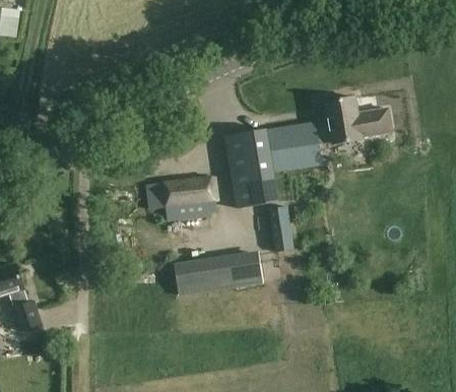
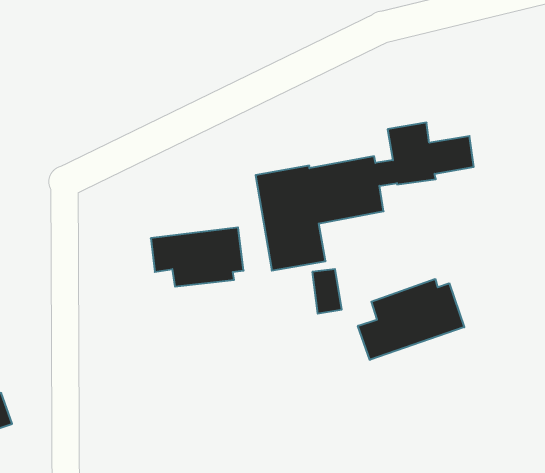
building: none -> [358,279,464,360]
building: [174,253,265,301] -> none

